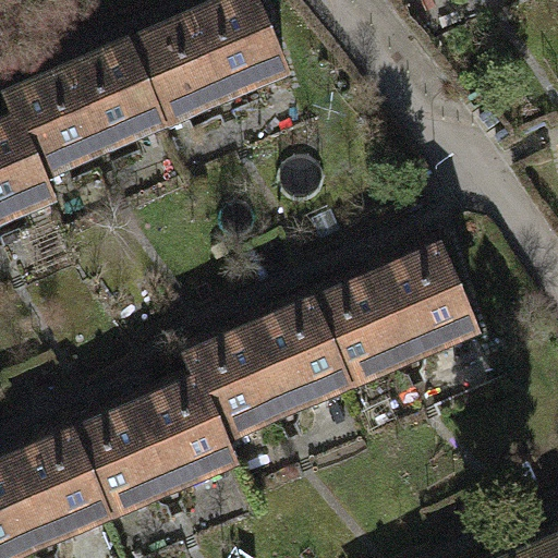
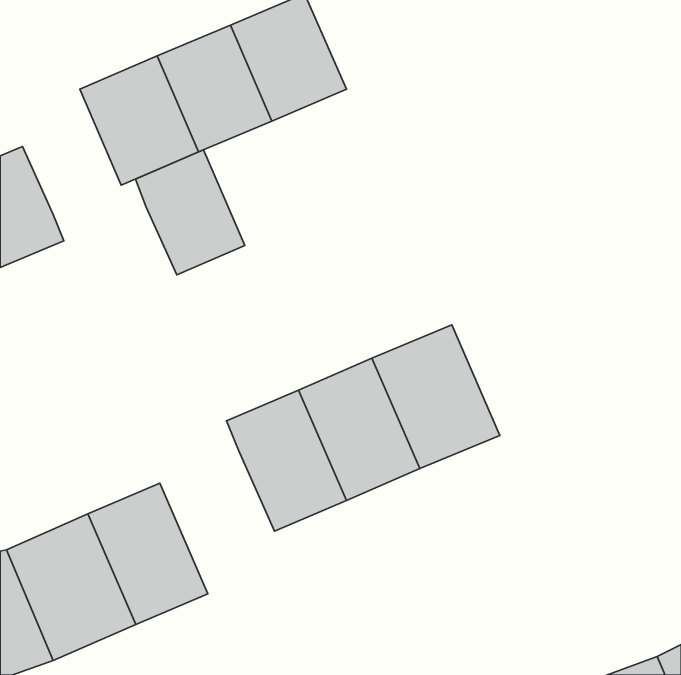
building: [10,73,99,175] -> [135,150,245,275]
building: [369,238,474,356] -> none
building: [131,368,234,486] -> none

